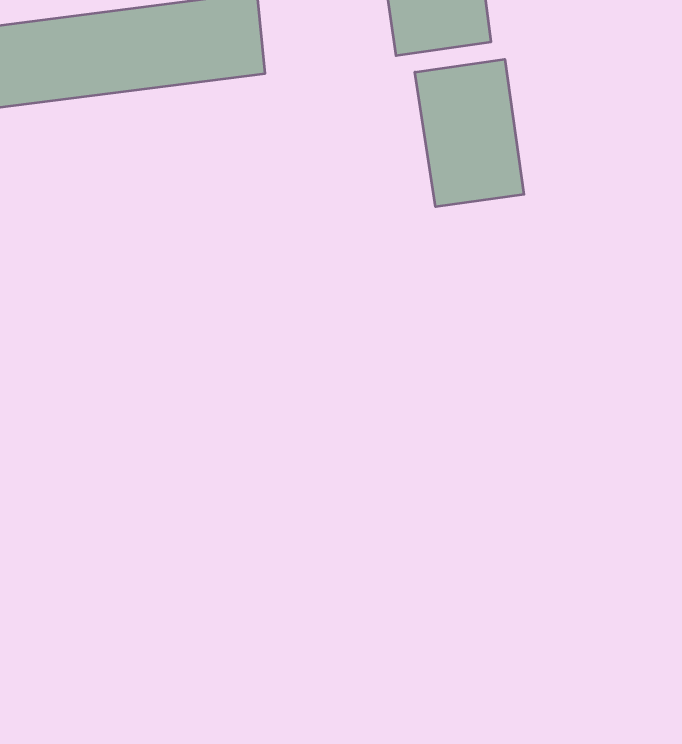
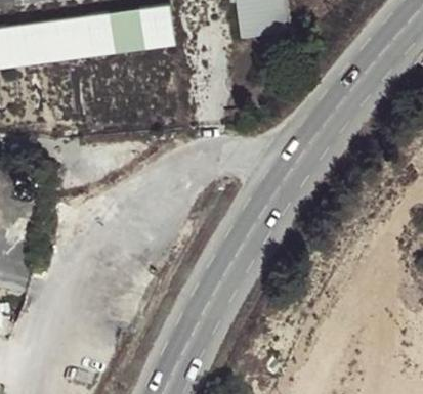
building: [415,59,524,207] -> none

